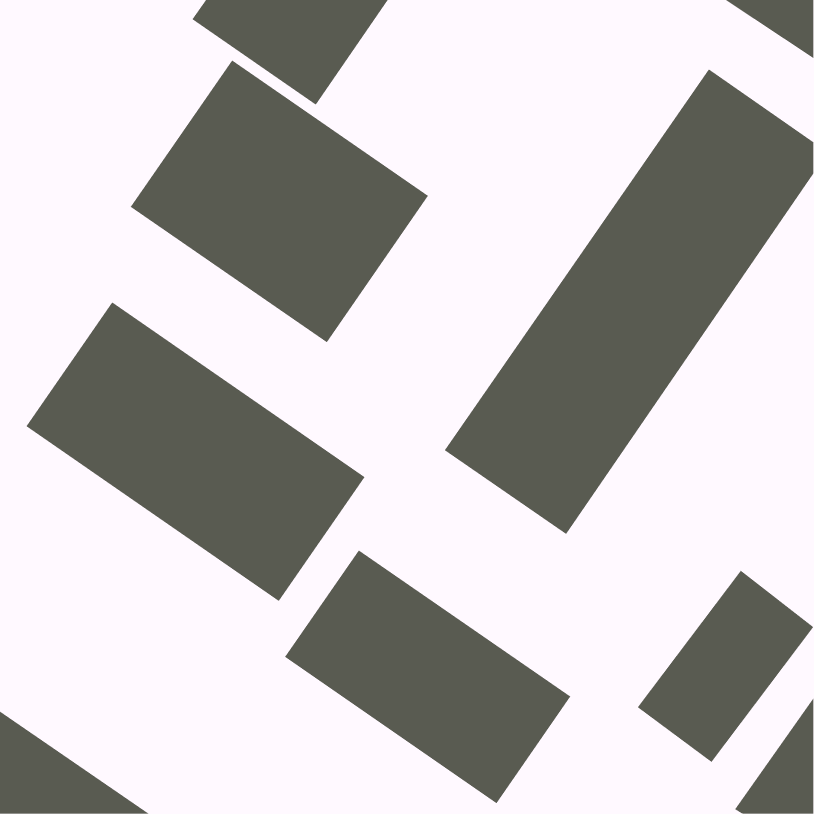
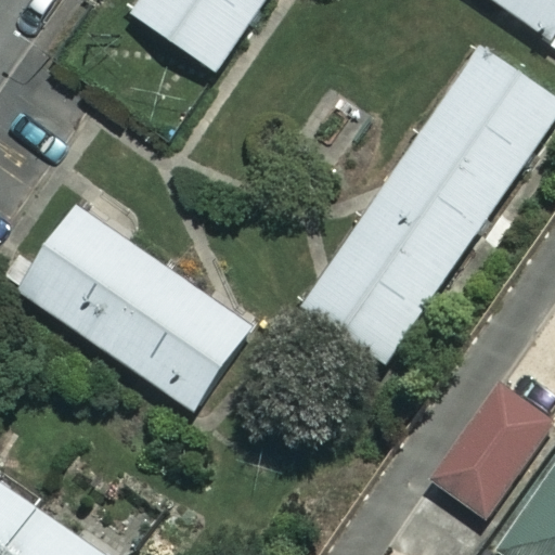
building: [130,59,429,343] -> none
building: [284,549,571,804] -> none

